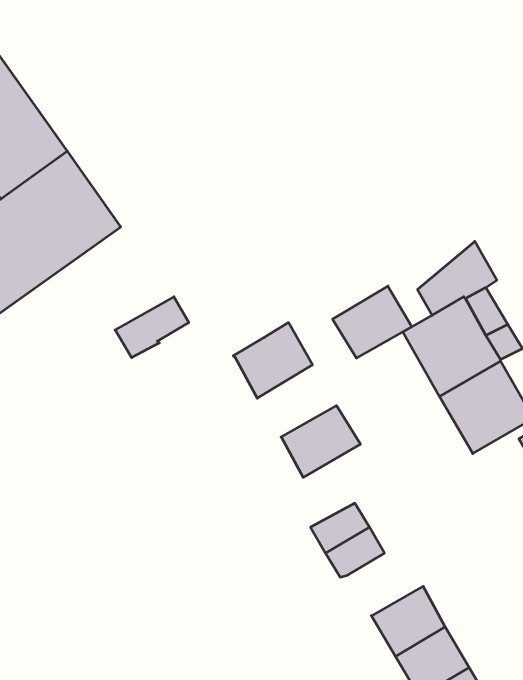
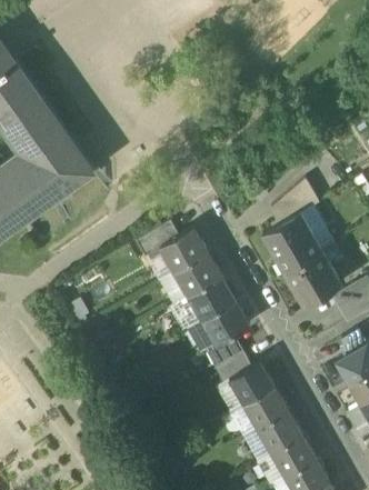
building: [333,286,412,358] -> [173,254,221,298]
building: [115,297,189,358] -> [133,222,178,259]
building: none -> [201,302,250,347]
building: none -> [228,363,273,406]

